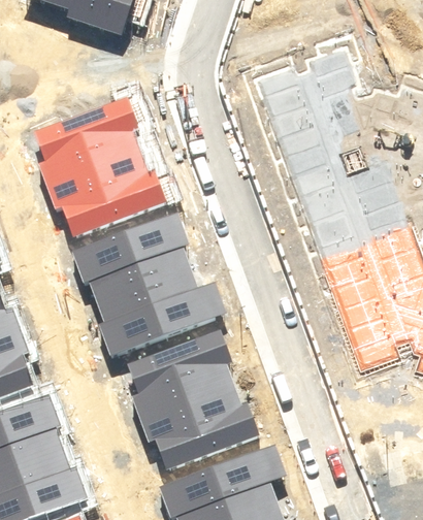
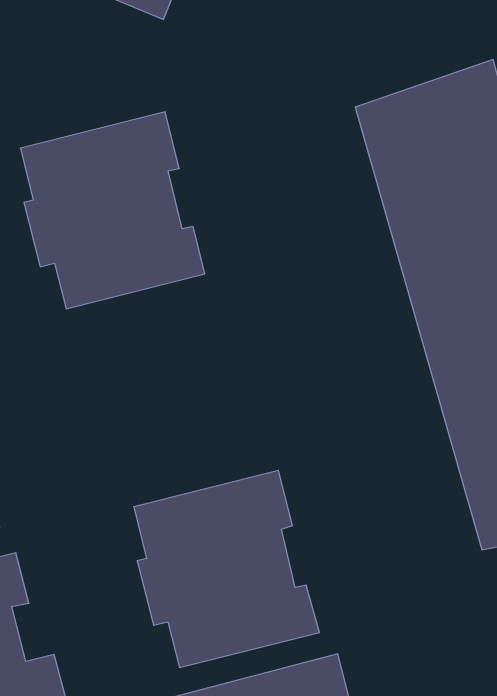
building: [78,219,224,353] -> none

